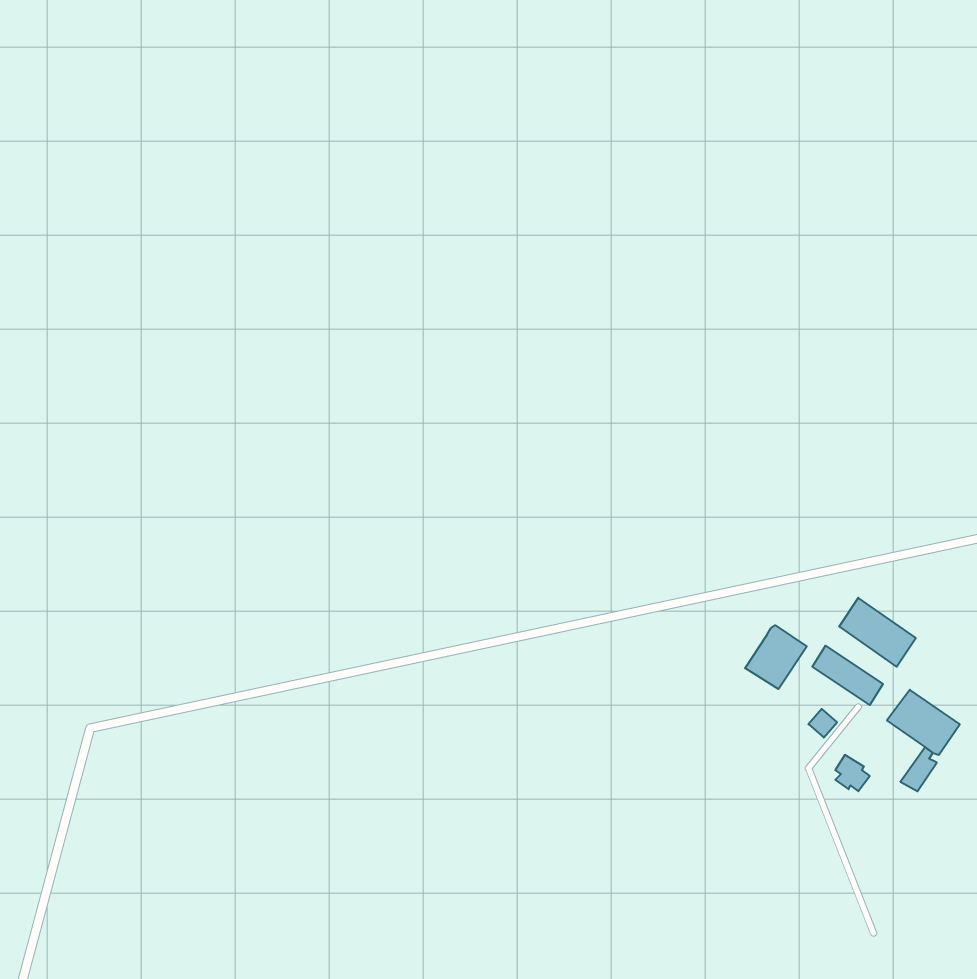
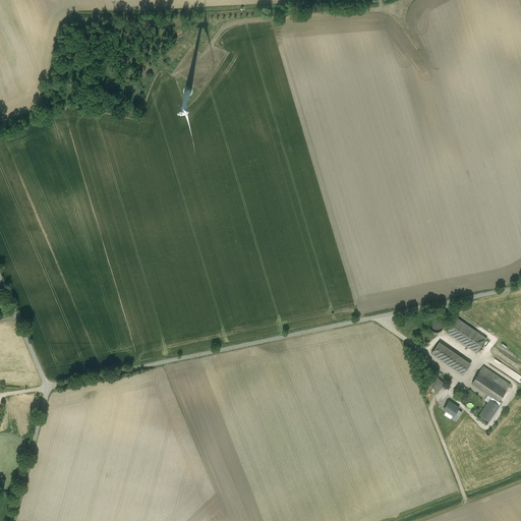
building: [745,625,807,689] -> none

